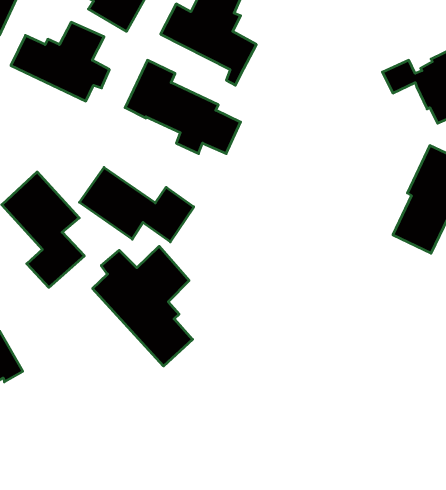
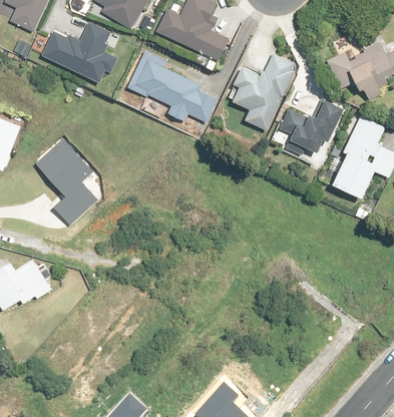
building: none -> [230,53,297,130]
building: none -> [273,101,345,167]
building: [79,167,194,242] -> none
building: [93,246,193,366] -> none

